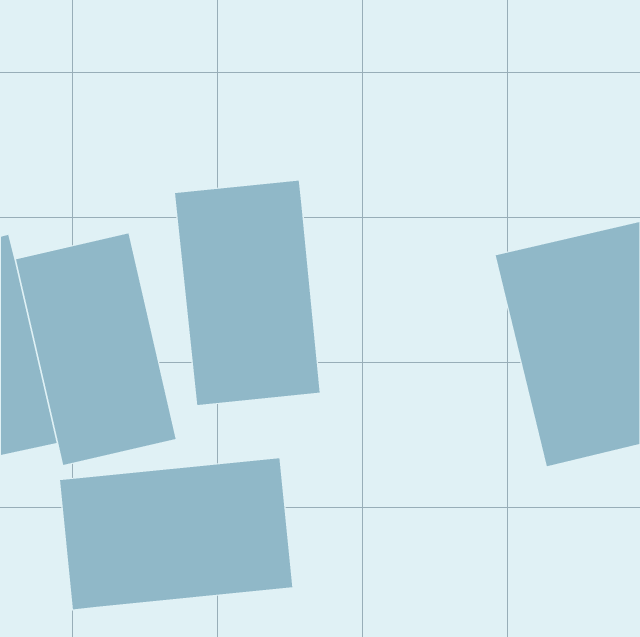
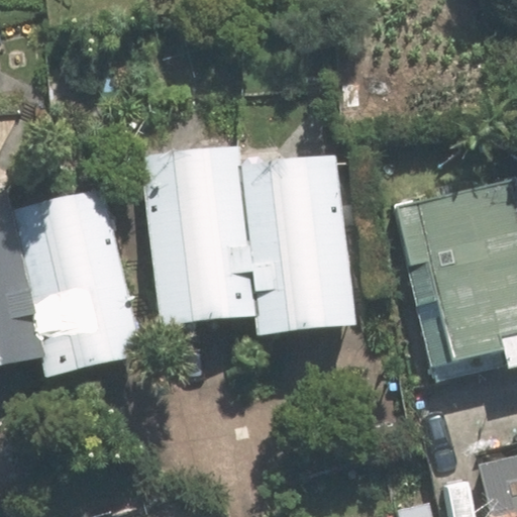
building: none -> [243,153,354,334]
building: [59,457,293,610] -> none

